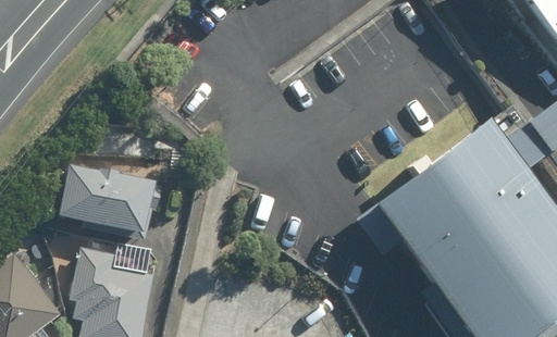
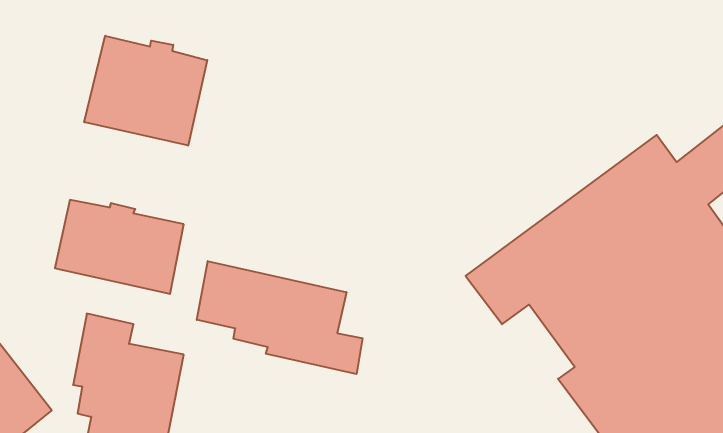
building: none -> [84,36,207,146]
building: none -> [197,261,363,374]

